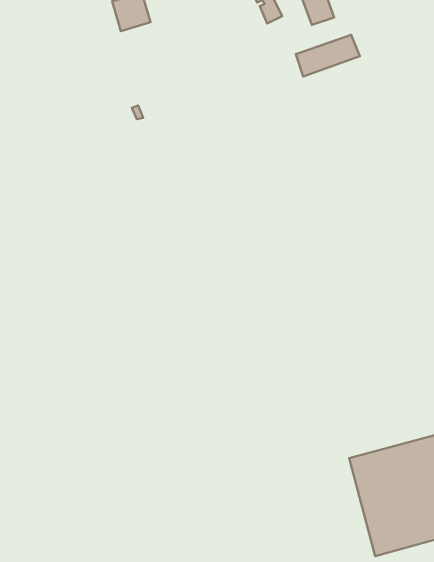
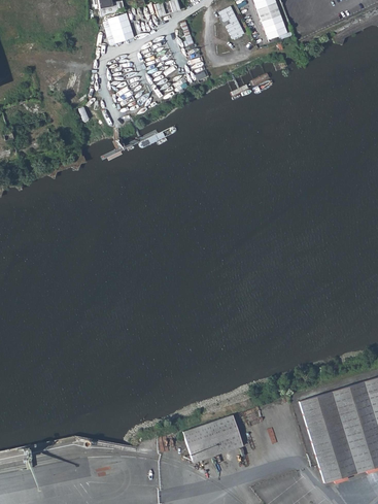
building: [296,35,360,77] -> none
building: none -> [183,415,243,463]

